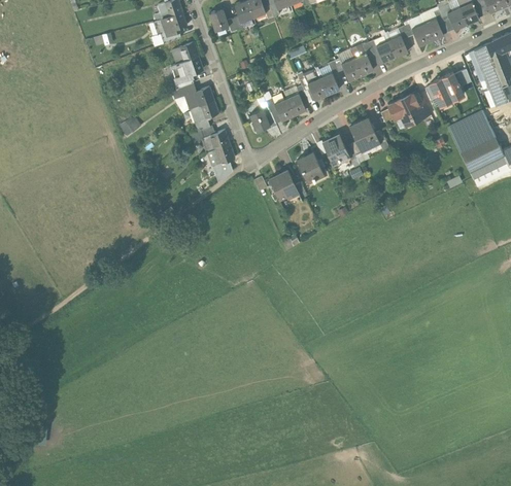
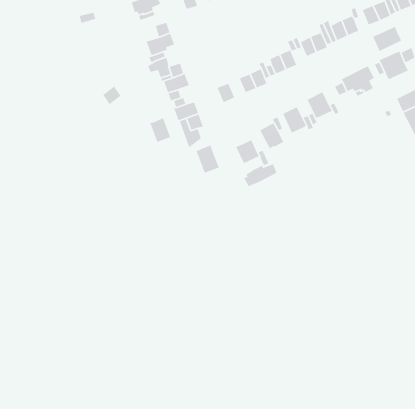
building: none -> [372,26,402,52]
building: none -> [149,117,171,143]
building: none -> [194,140,220,174]
building: none -> [243,163,277,187]

